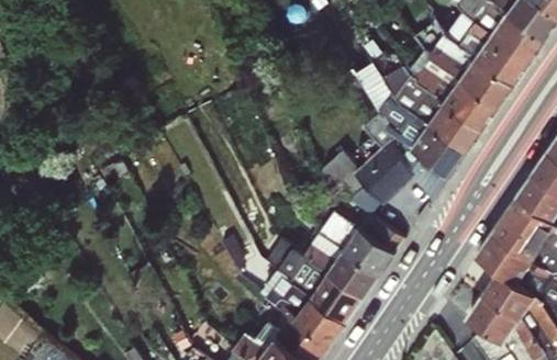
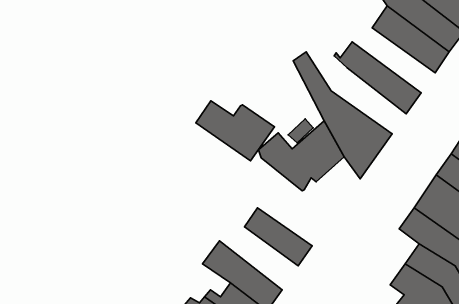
building: [415,21,515,106] -> none
building: [374,49,483,151] -> none
building: [320,209,406,274] -> [196,101,275,161]
building: [278,247,365,323] -> none

